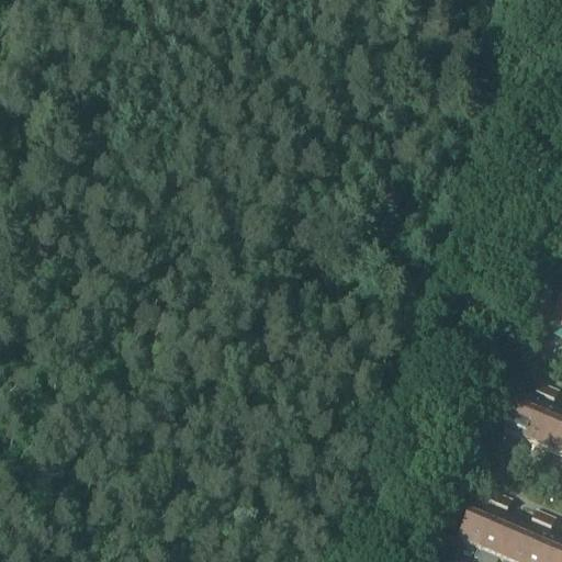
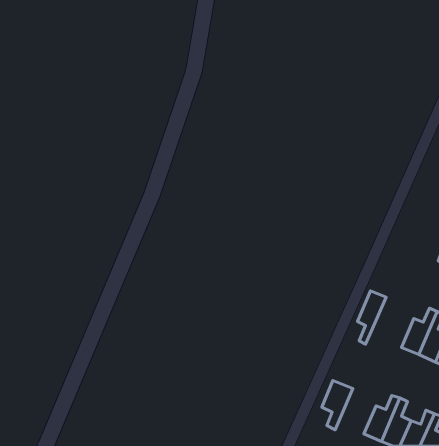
building: none -> [358,291,386,344]
building: none -> [322,380,353,430]

